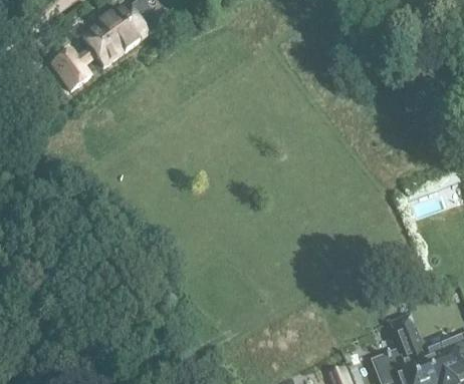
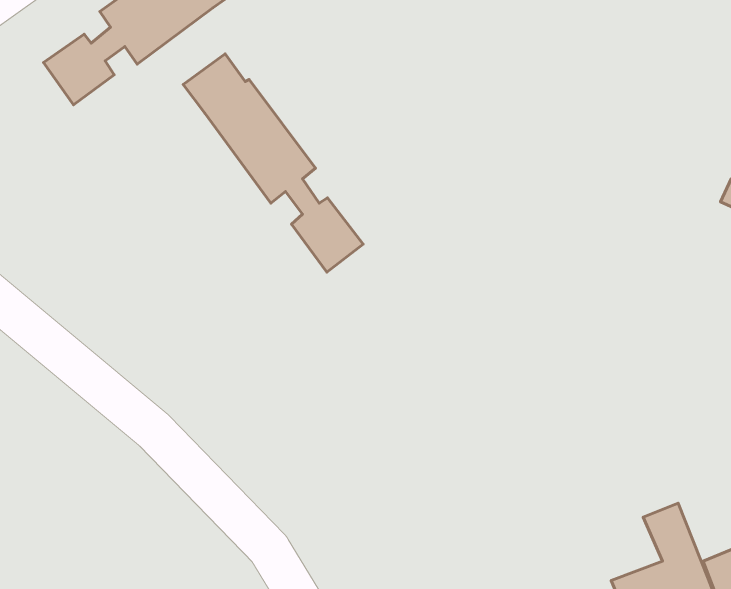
building: none -> [183,54,363,272]

